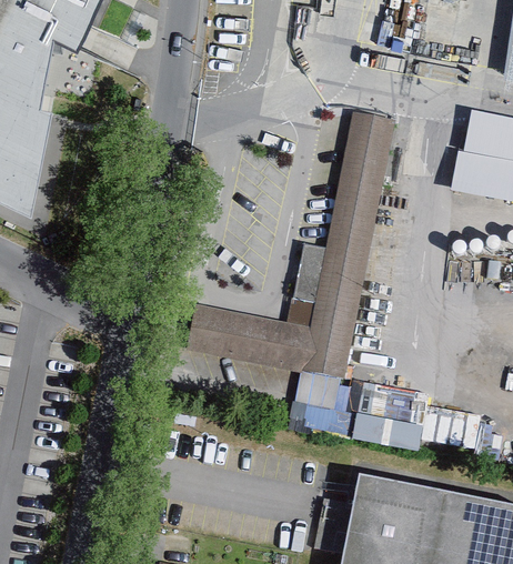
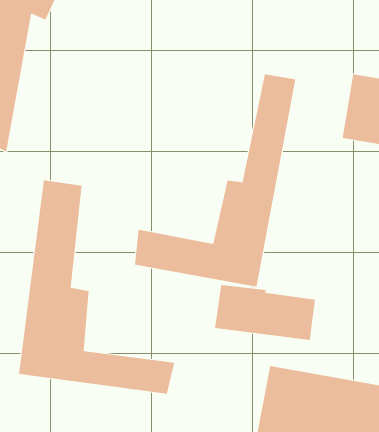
building: none -> [18,179,175,395]

